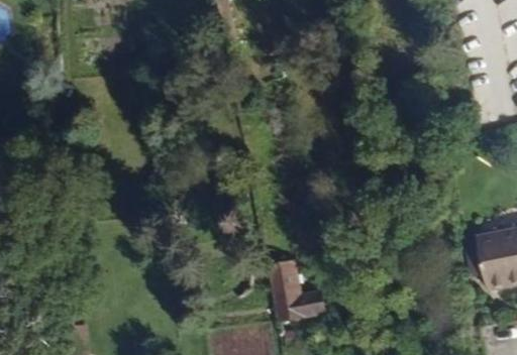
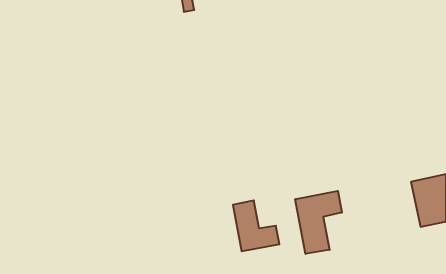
building: none -> [295,191,342,254]

